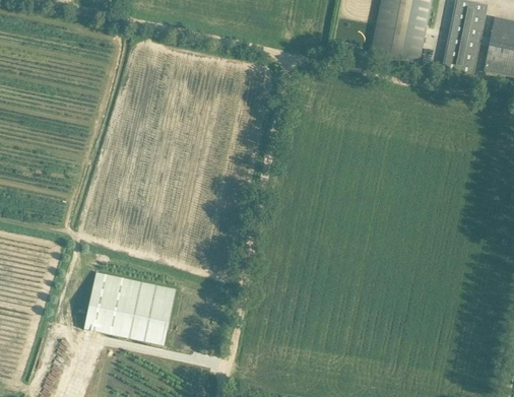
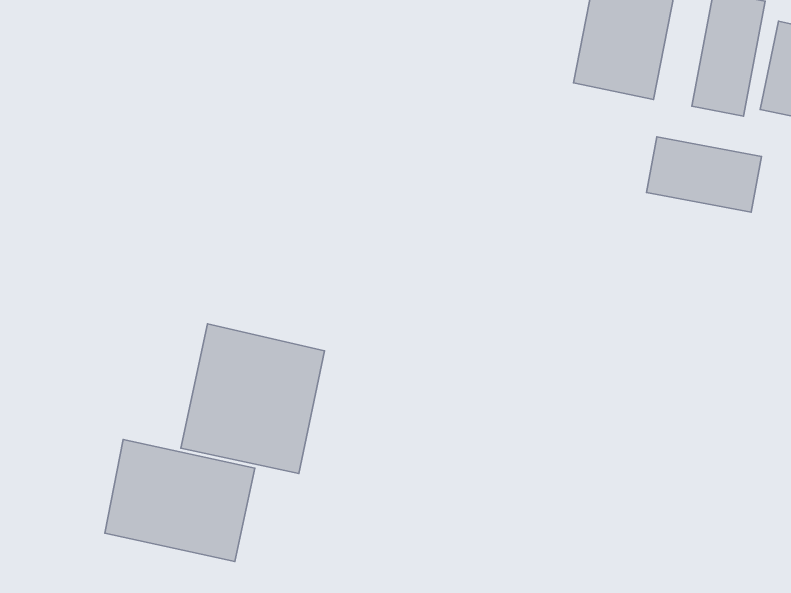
building: none -> [647,137,761,212]
building: none -> [181,324,325,474]

